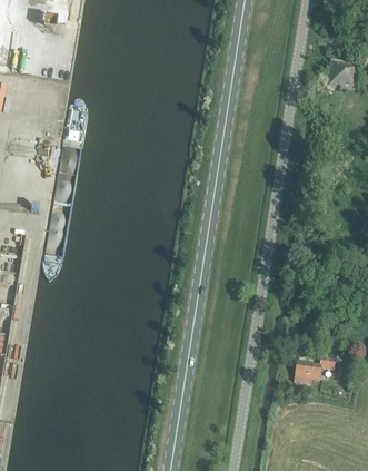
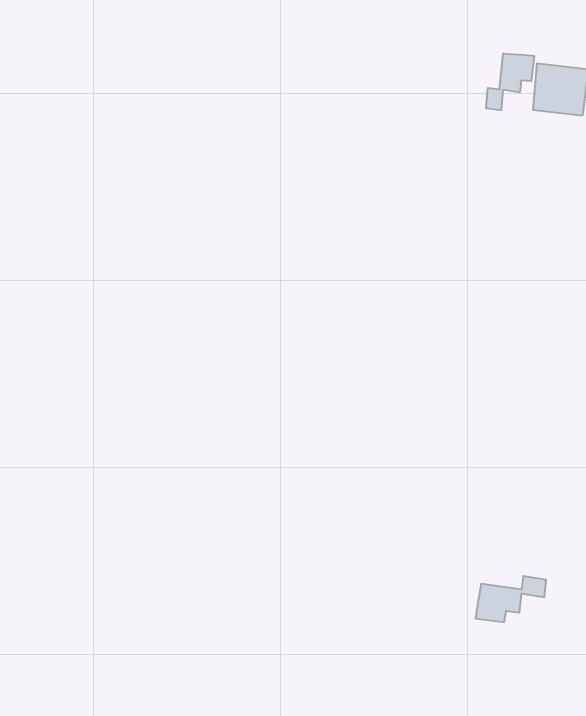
building: none -> [486,53,534,110]

